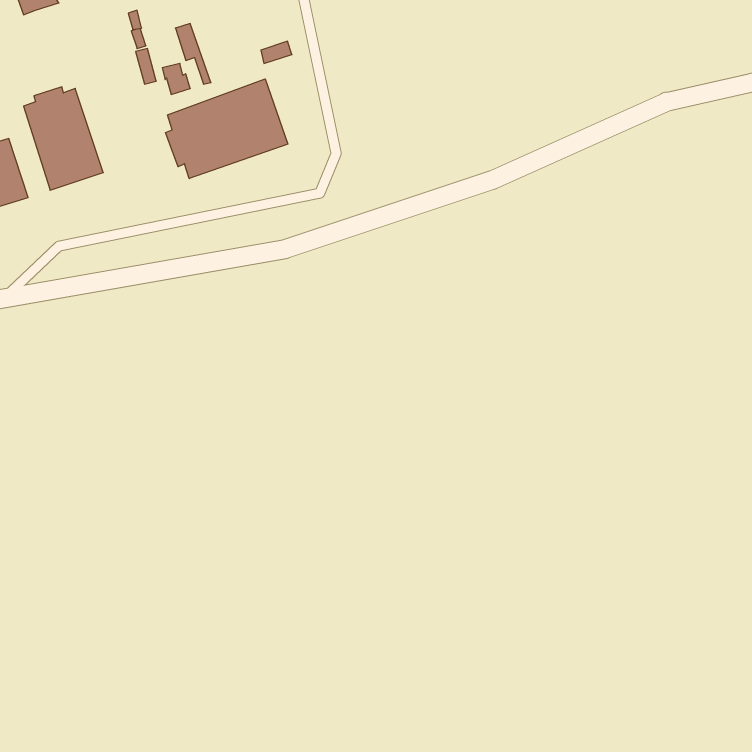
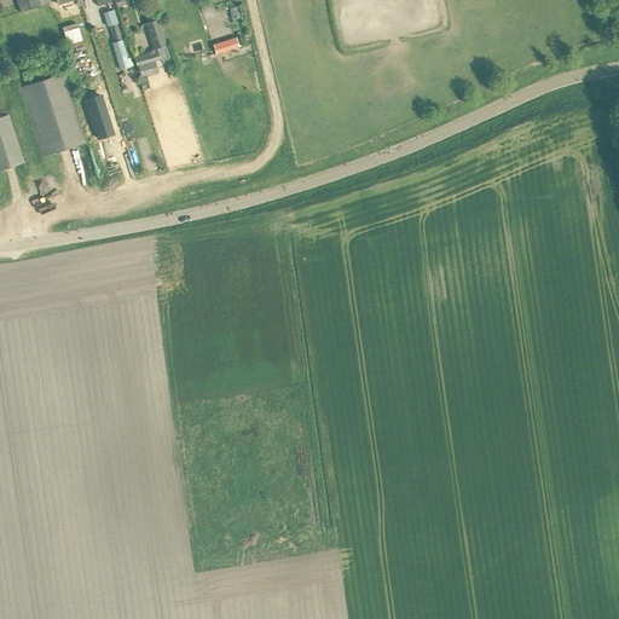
building: [166,79,288,179] -> none
building: none -> [83,96,112,138]

